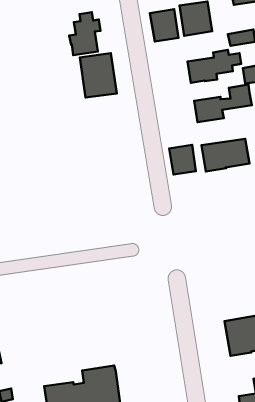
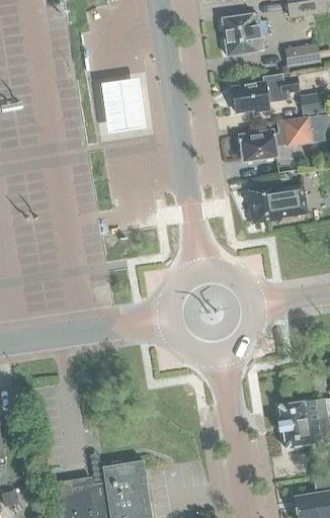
building: [150,9,179,41] -> none
building: [69,12,101,55] -> none
building: [169,145,196,174] -> none

